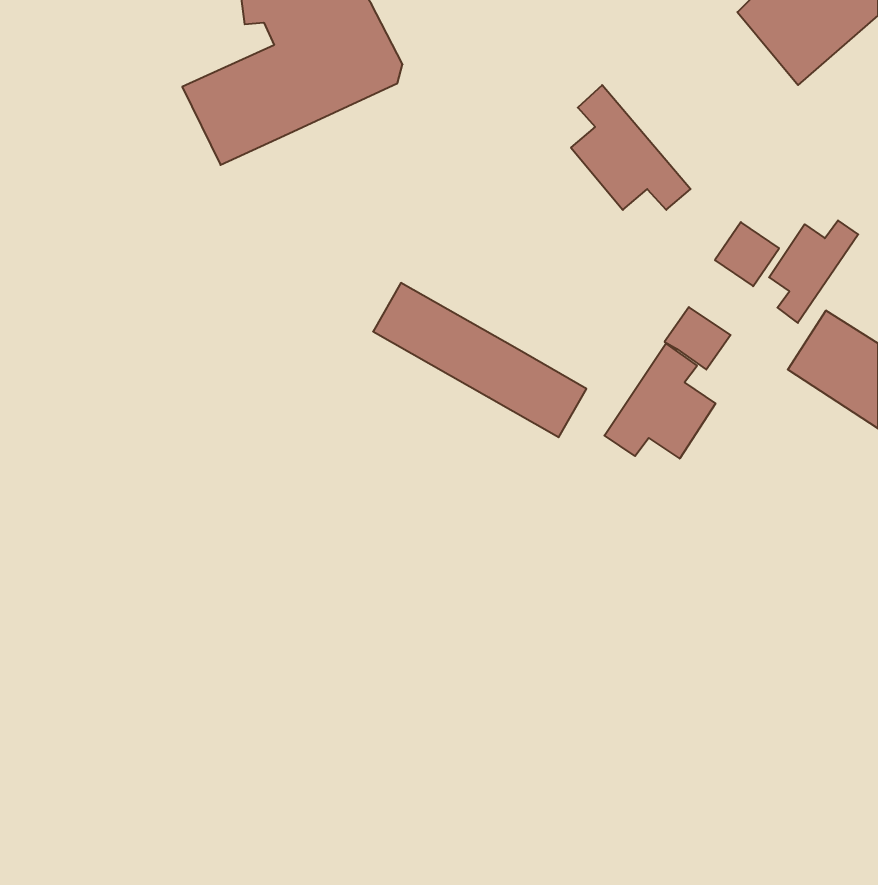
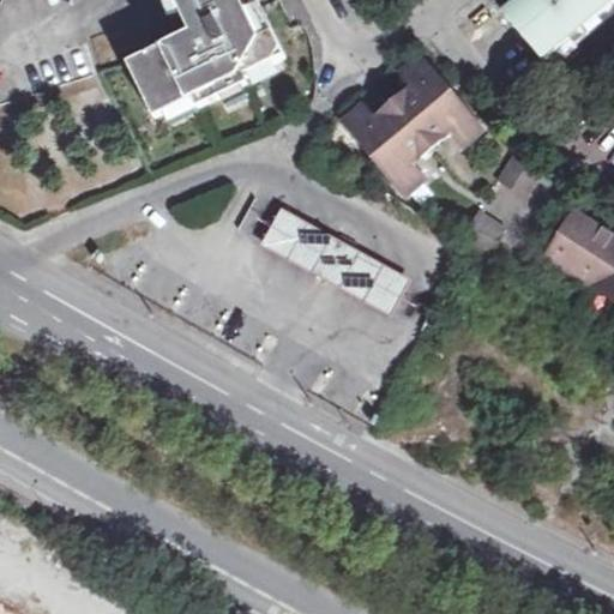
building: none -> [342,102,431,194]
building: [769,220,858,323] -> none
building: [604,344,715,459] -> none

